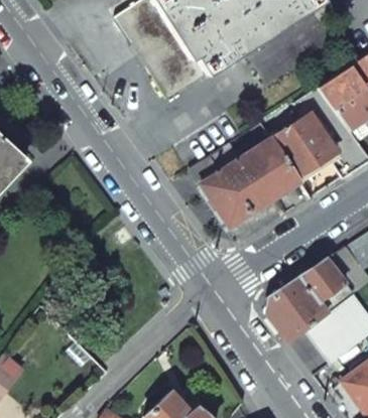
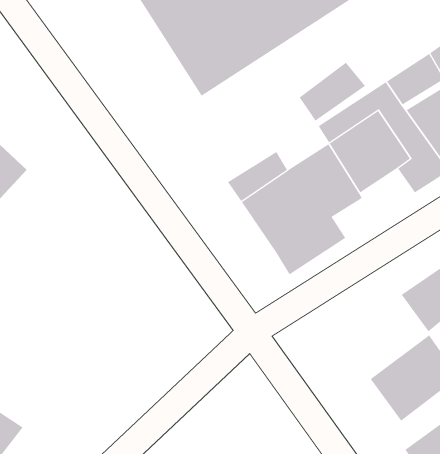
building: none -> [299,62,366,122]
building: [267,261,353,341] -> none

